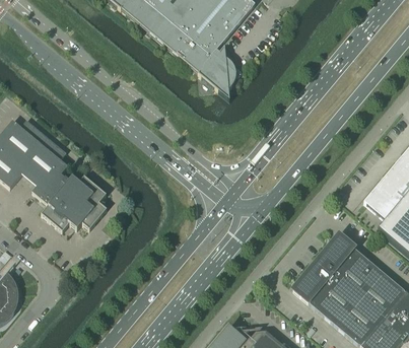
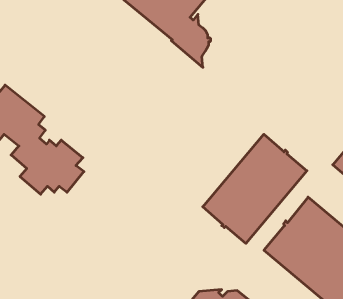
building: none -> [203,134,307,243]

